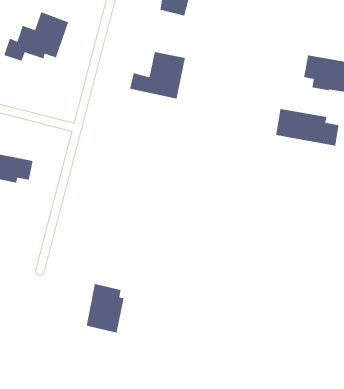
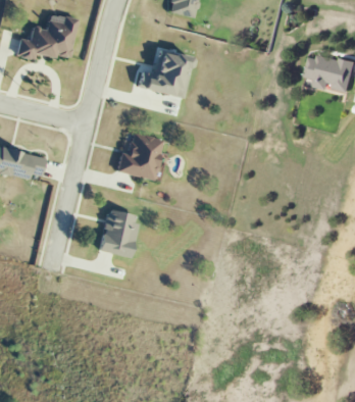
building: [275,108,340,147] -> none
building: none -> [115,132,164,180]
building: [86,283,125,334] -> [99,208,137,257]

